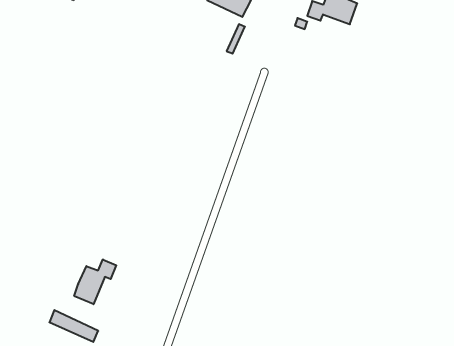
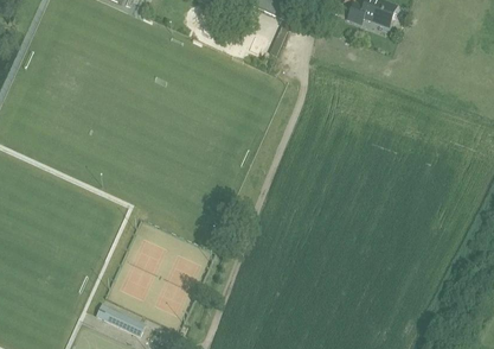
building: [74,259,116,304] -> none

